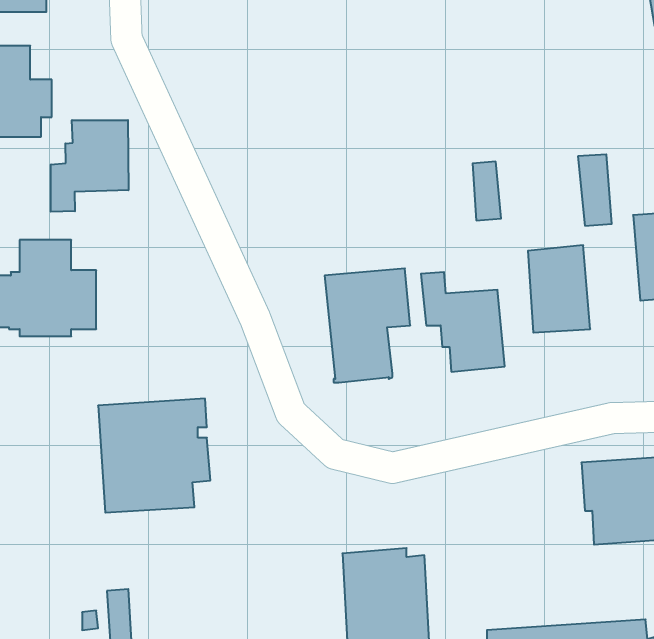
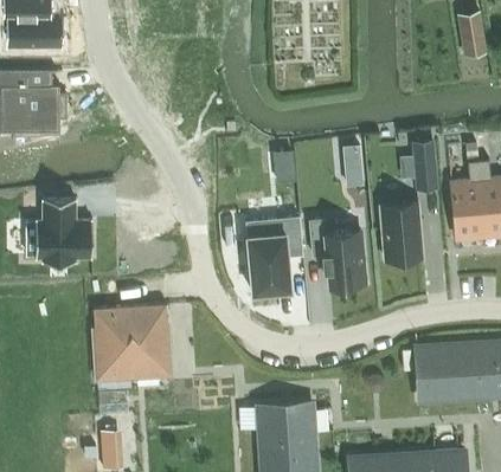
building: [51,120,128,212] -> none

